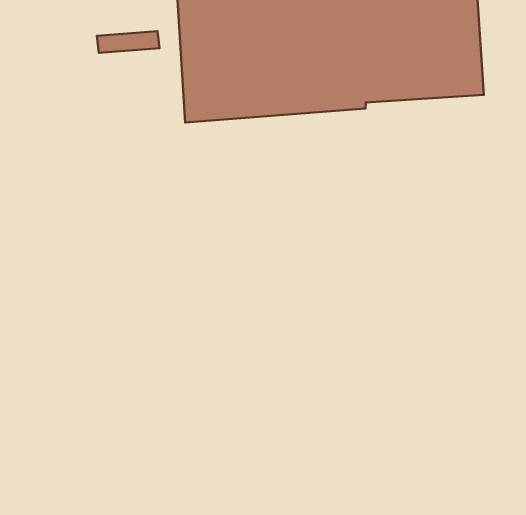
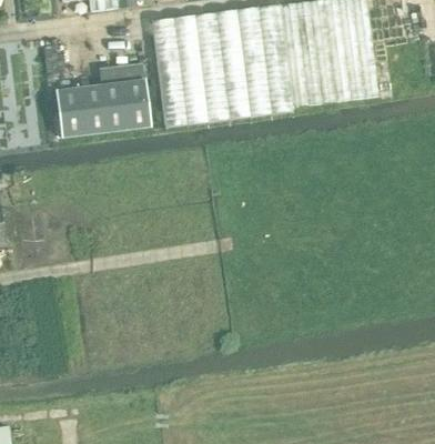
building: none -> [55,78,152,139]

